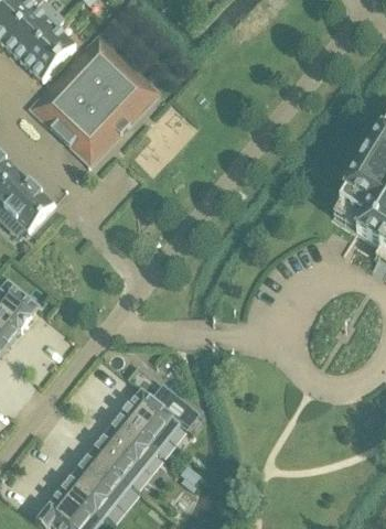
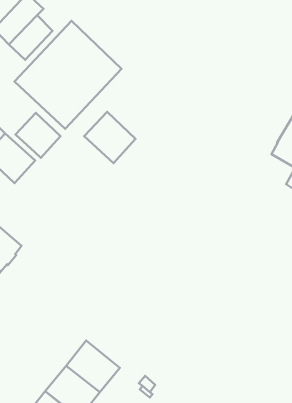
building: none -> [84,112,135,163]
building: none -> [15,113,61,158]
building: [115,386,197,455] -> none

